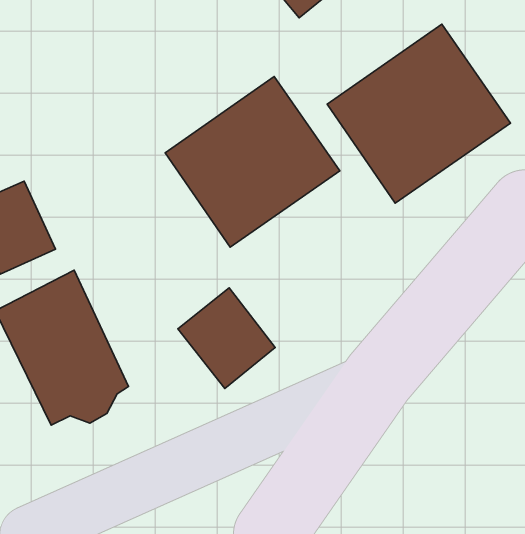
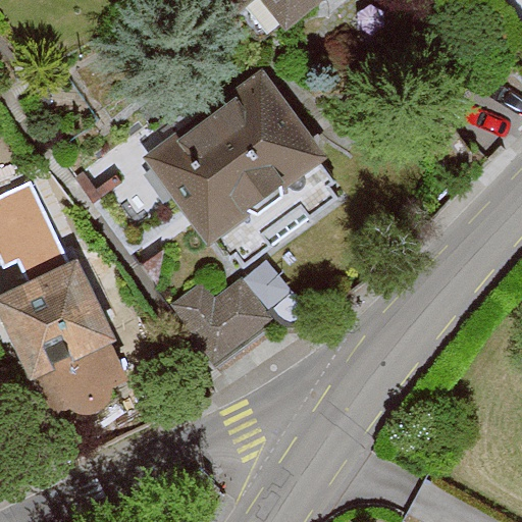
building: [327,24,511,203] -> none

